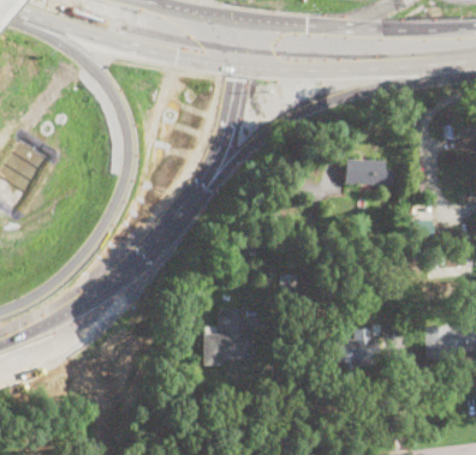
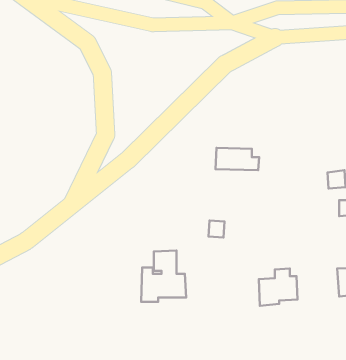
building: [344,158,393,184] -> [215,148,259,170]

